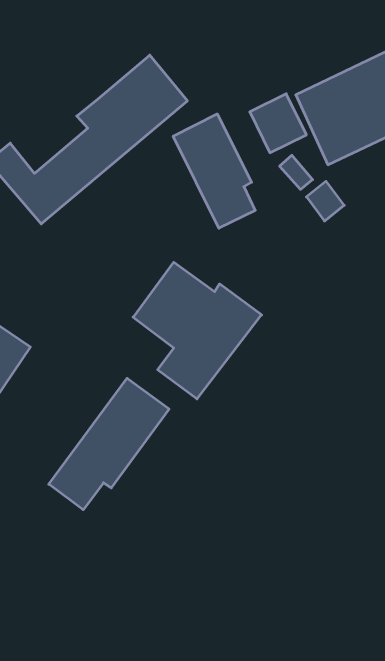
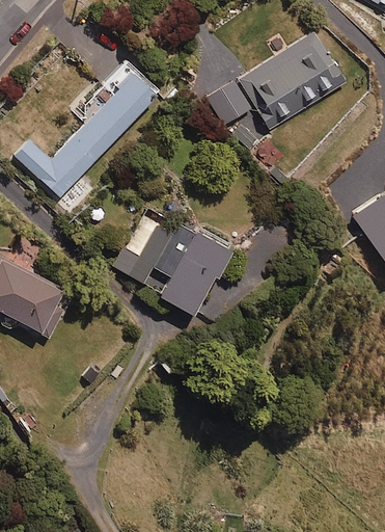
building: [173,114,255,228] -> none
building: [49,378,169,510] -> none

